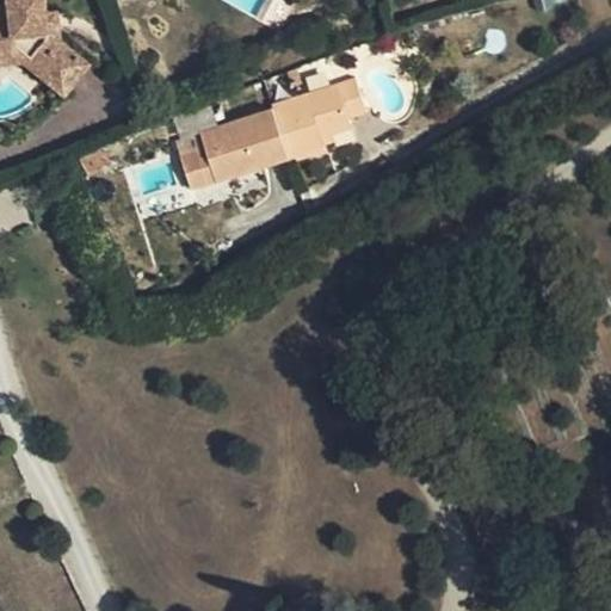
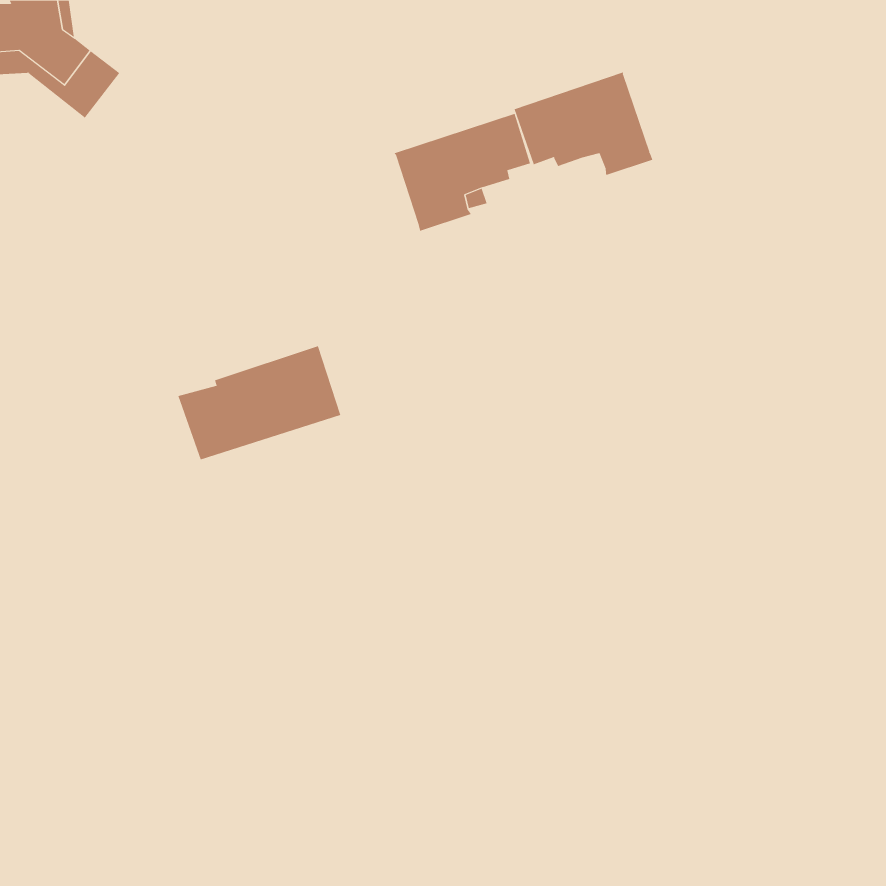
building: none -> [514,71,653,176]
building: [174,109,286,187] -> [178,345,341,460]

